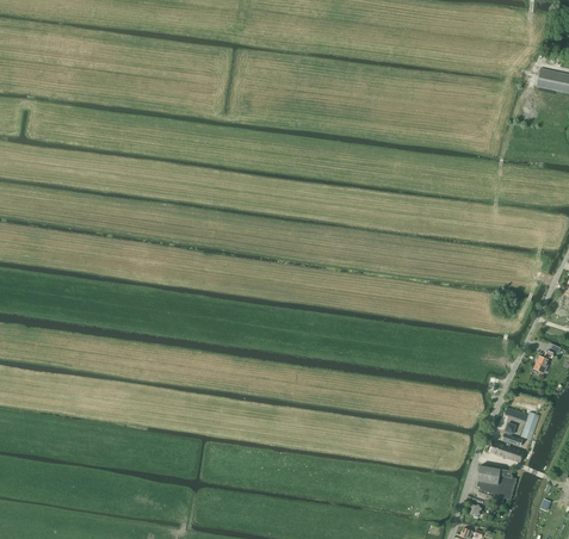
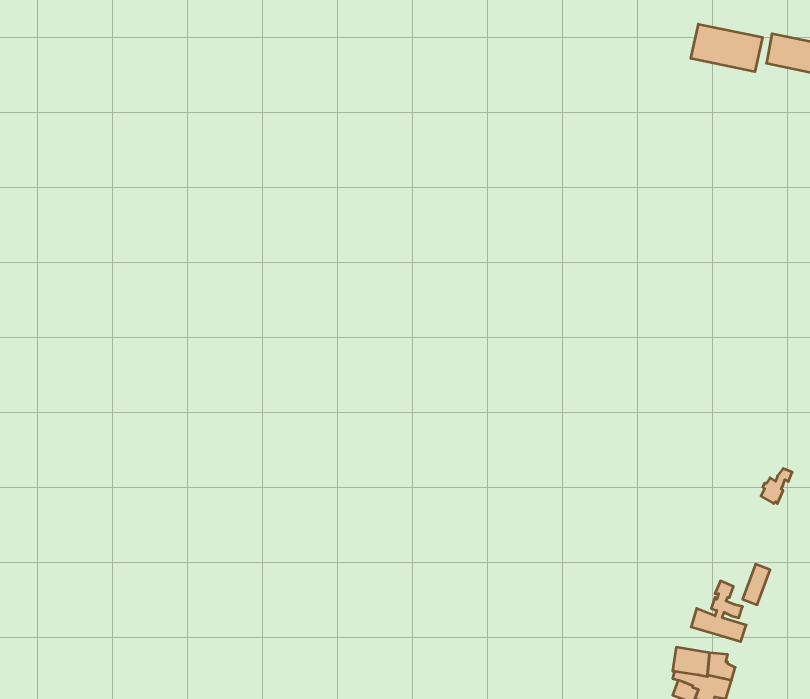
building: none -> [691,24,762,72]

